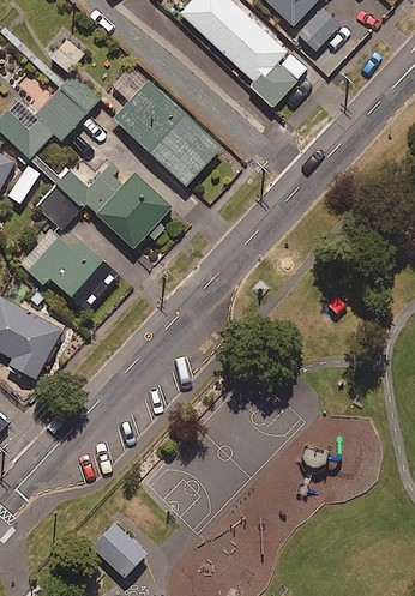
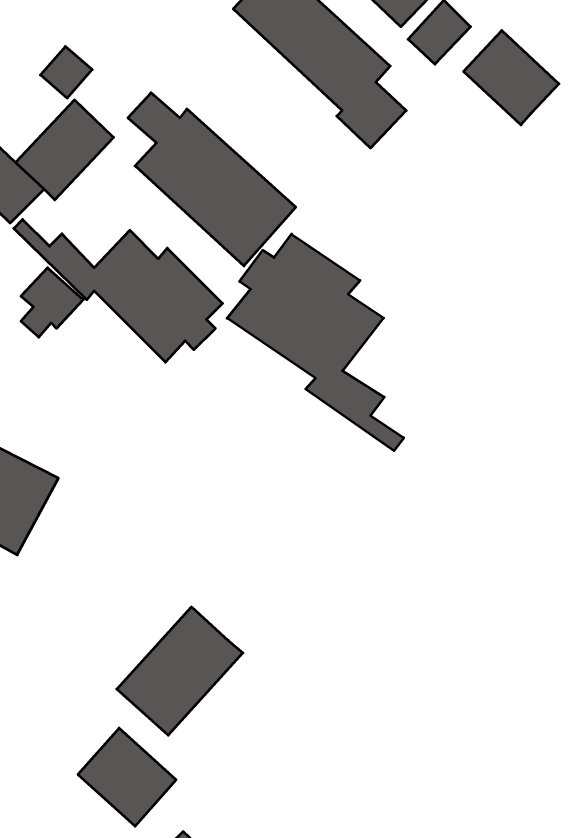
building: none -> [464,30,559,125]
building: none -> [227,234,404,451]
building: [29,229,121,313] -> none
building: none -> [117,607,243,735]

